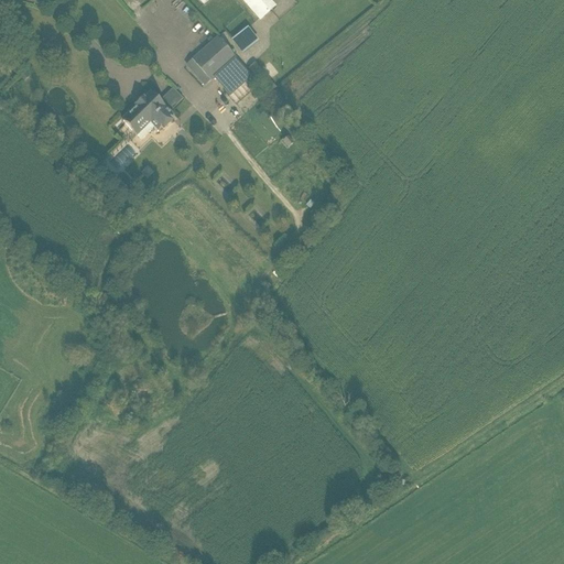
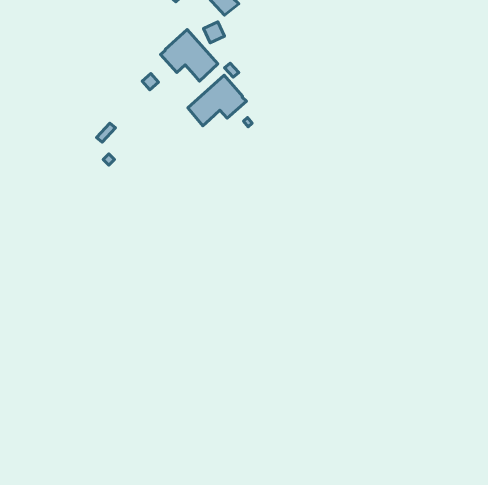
building: none -> [188,75,246,126]
building: [122,91,173,135] -> none

